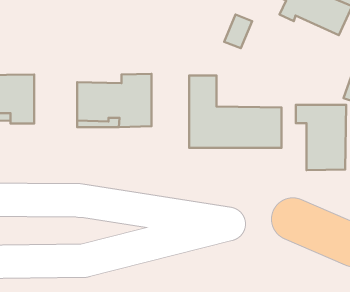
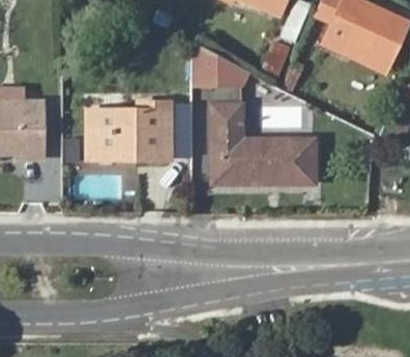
building: none -> [188,56,246,91]
building: [296,105,346,170] -> none

